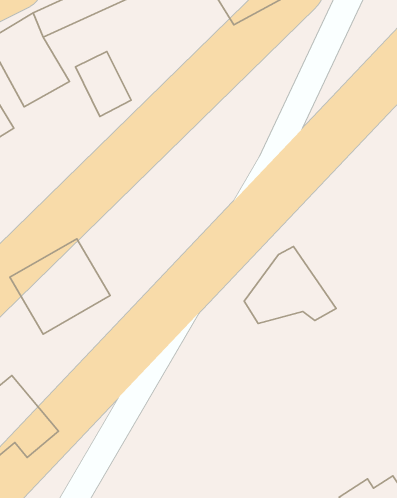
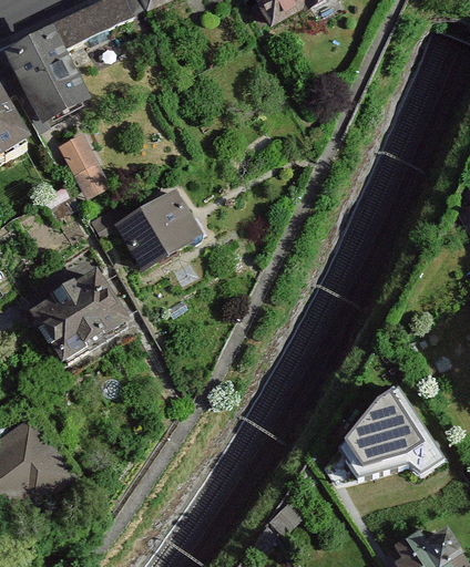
building: [75,52,131,116] -> [51,133,112,204]
building: none -> [112,186,205,275]
building: [244,247,336,324] -> [341,384,442,468]

